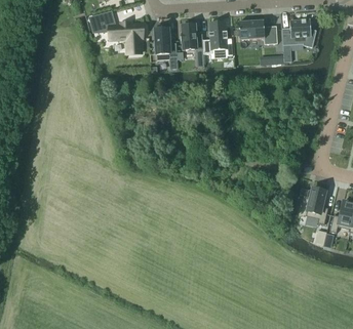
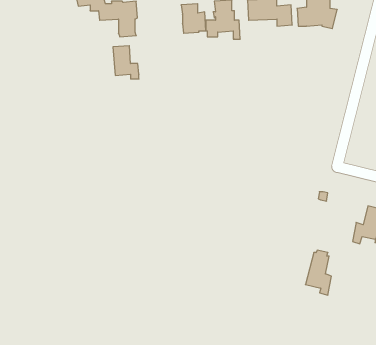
building: [154,27,176,55] -> [113,46,139,79]
building: [305,184,327,223] -> [305,250,331,295]

